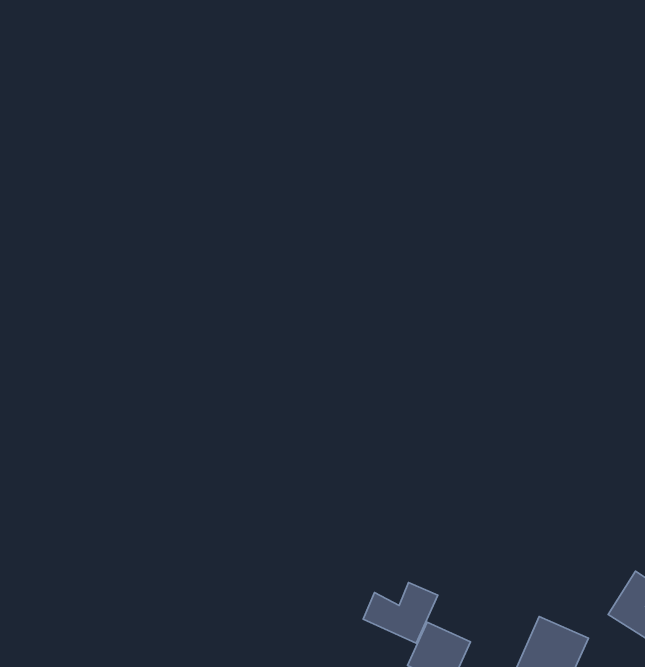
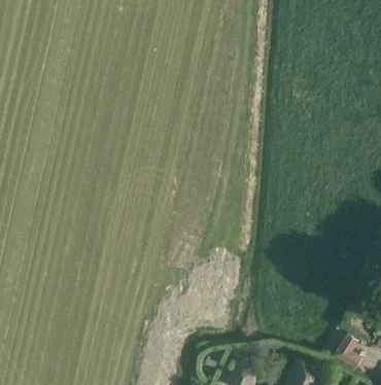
building: [363,583,438,643] -> none

